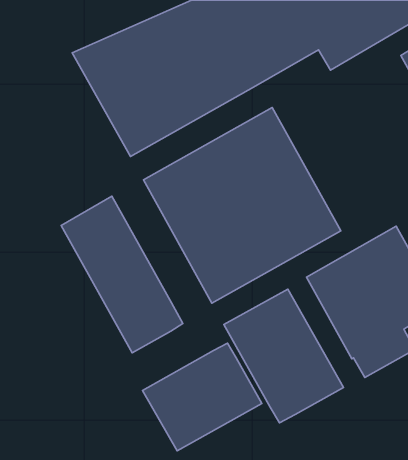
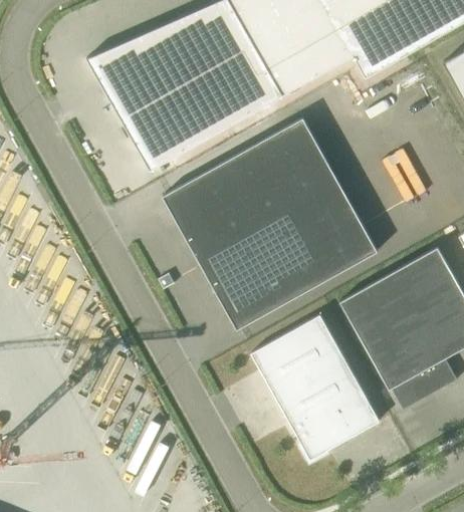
building: [61,196,183,353] -> none
building: [143,343,262,451] -> none

